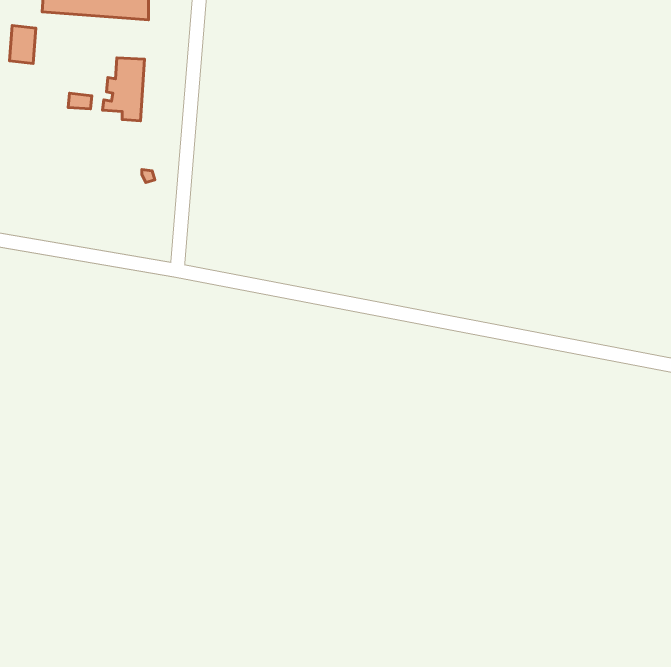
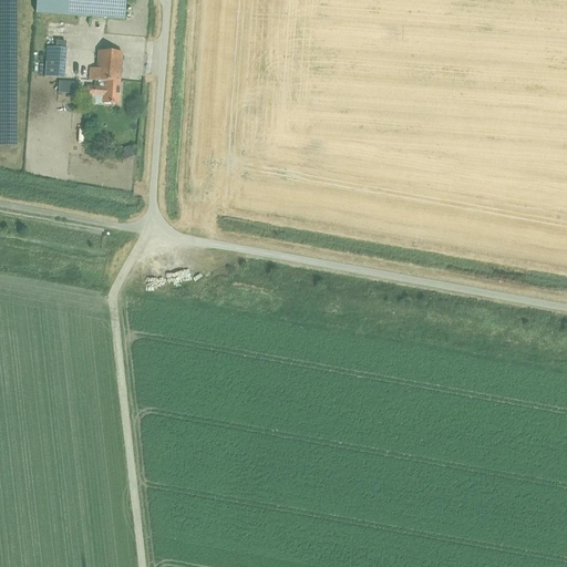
building: [9,25,36,63] -> [44,44,66,76]

